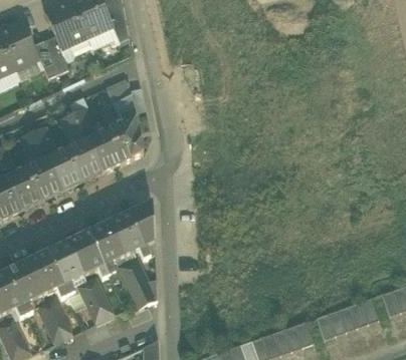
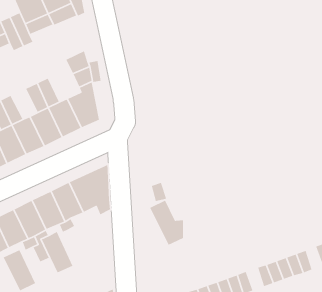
building: [116,257,154,308] -> [149,199,184,246]

